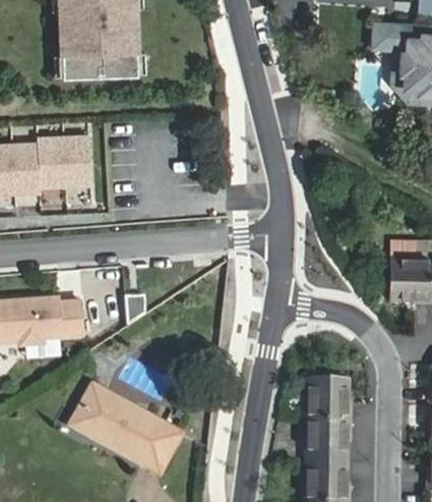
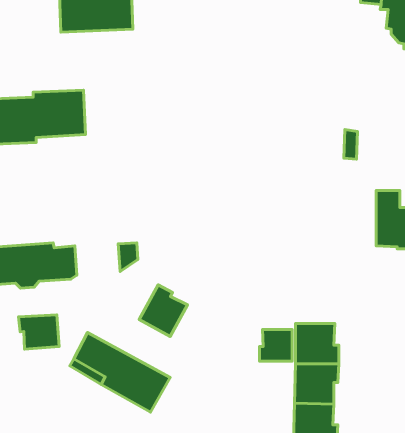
building: none -> [139,285,187,337]
building: none -> [19,315,59,349]
building: none -> [260,329,292,361]

